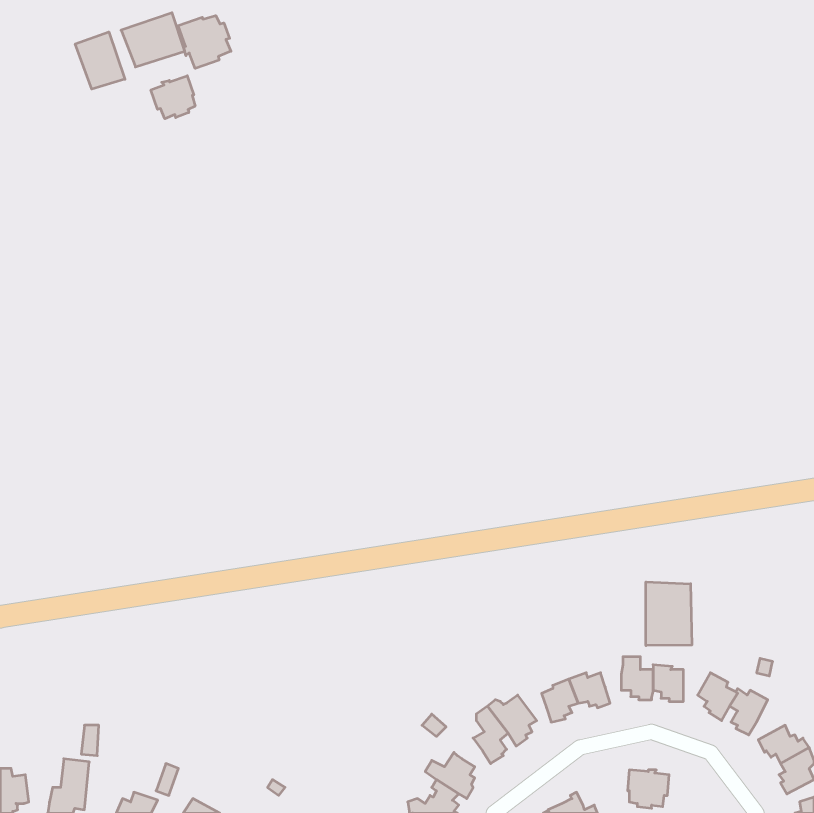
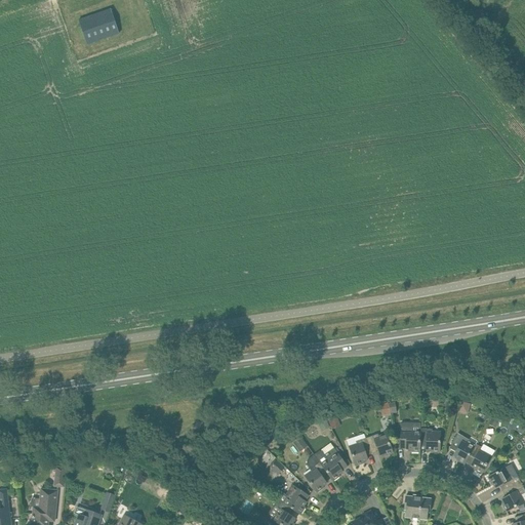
building: [178,16,231,68] -> none
building: [75,32,125,89] -> none
building: [151,76,195,119] -> none
building: [646,582,692,646] -> none

